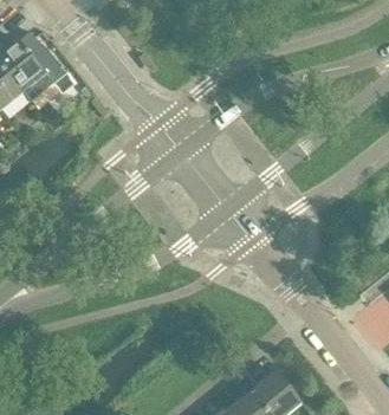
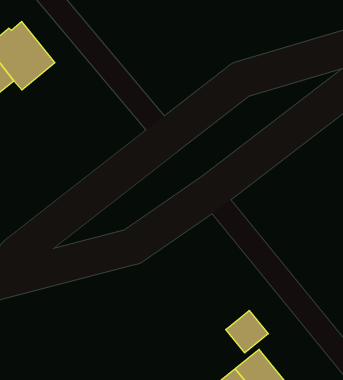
building: none -> [226,310,268,353]

